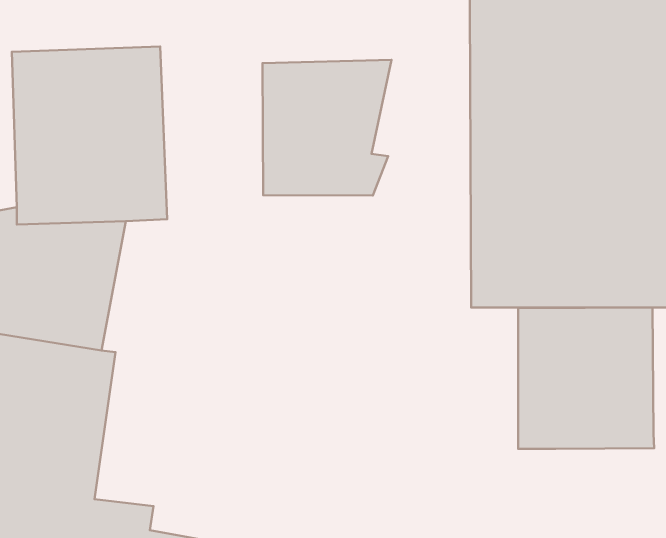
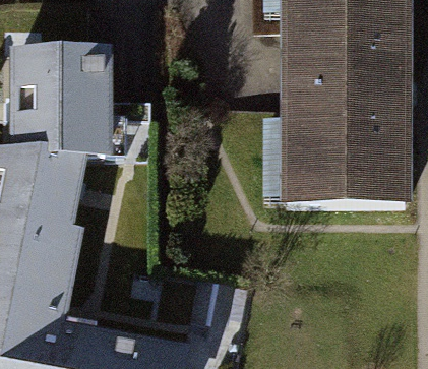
building: [262,60,392,195] -> none
building: [518,307,654,449] -> none

